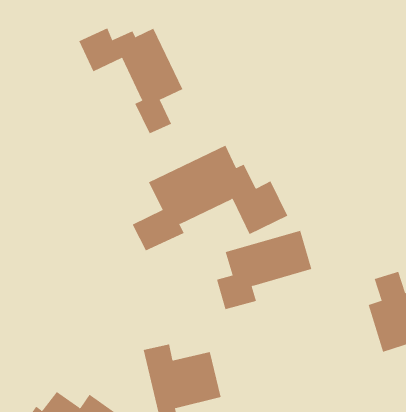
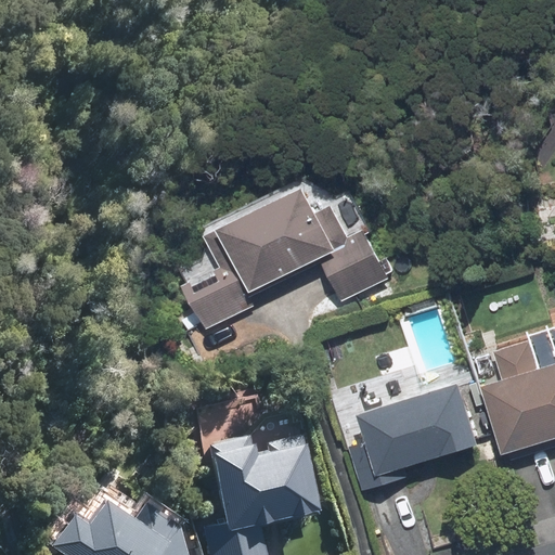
building: [79,27,183,134] -> none
building: [216,230,312,310] -> [354,390,475,490]

